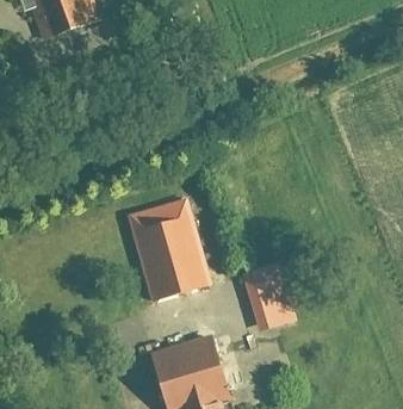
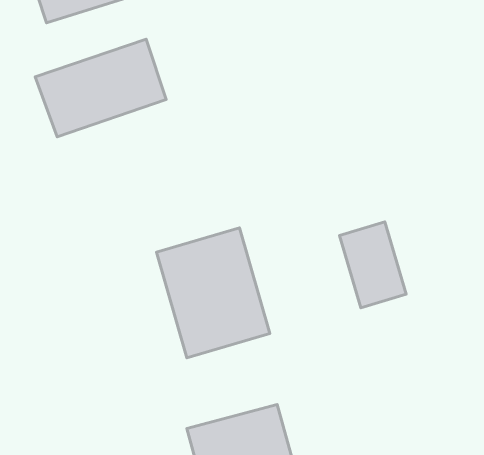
building: none -> [35,39,166,137]
building: [243,262,296,330] -> [340,222,406,308]

